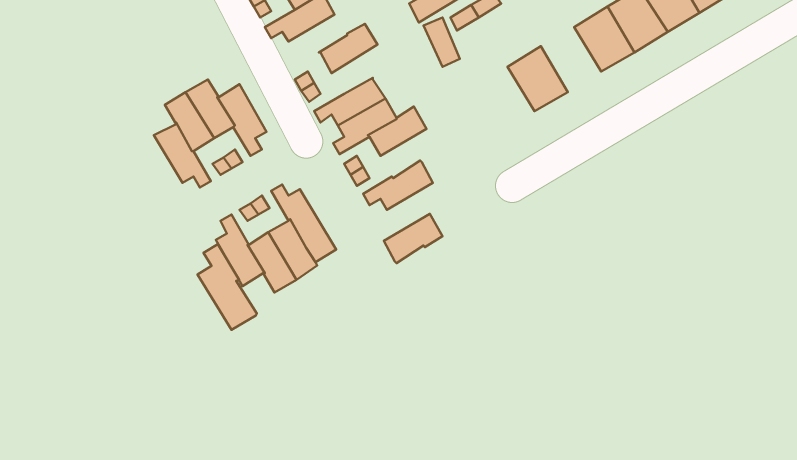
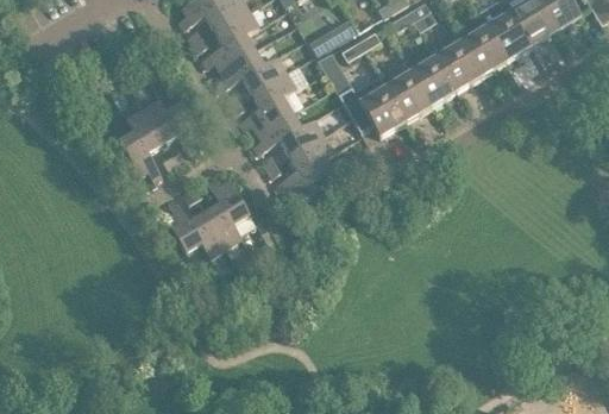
building: none -> [216,50,264,92]
building: none -> [409,59,454,108]
building: none -> [252,73,297,109]
building: none -> [337,77,404,138]
building: [384,214,442,263] -> [289,136,333,172]
building: [198,244,257,330] -> none

